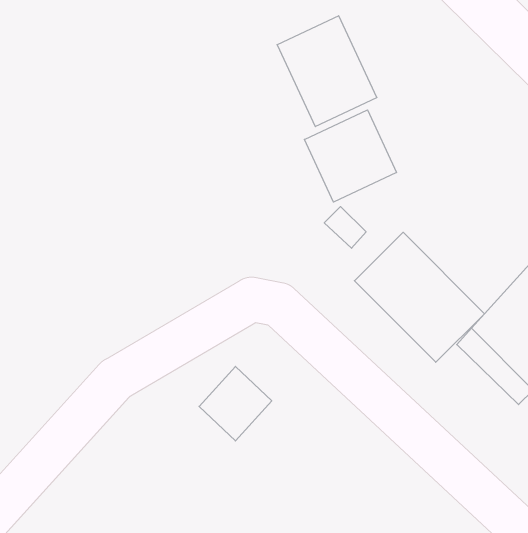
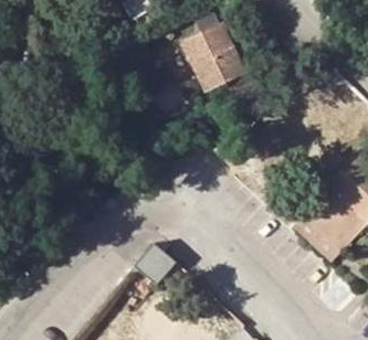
building: [304,110,396,202] -> none
building: [354,232,485,362] -> none

